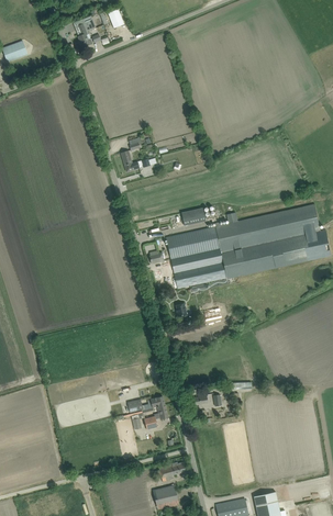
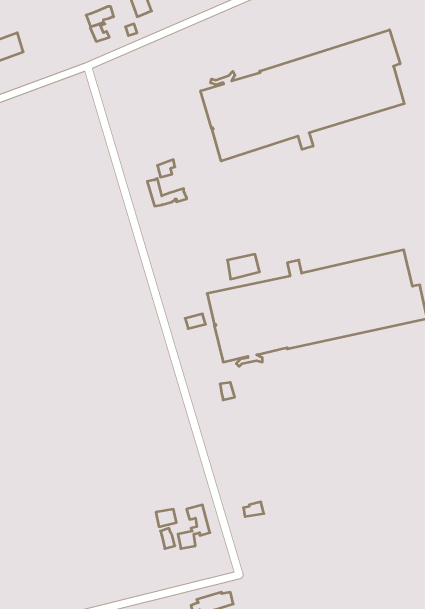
building: none -> [201,30,404,161]

